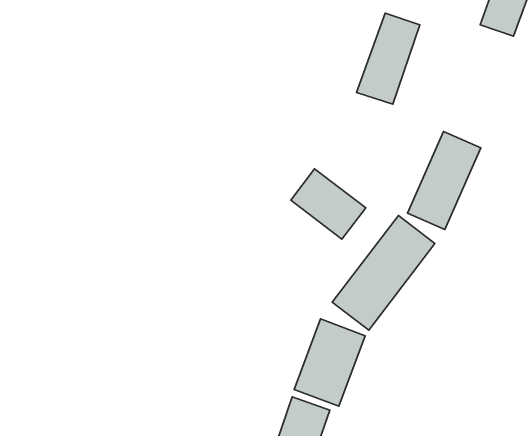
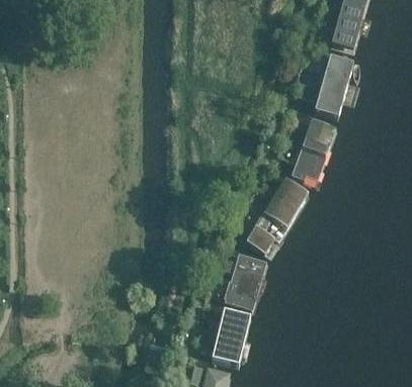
building: [357,13,420,104] -> [314,55,353,116]
building: [291,169,366,239] -> none

